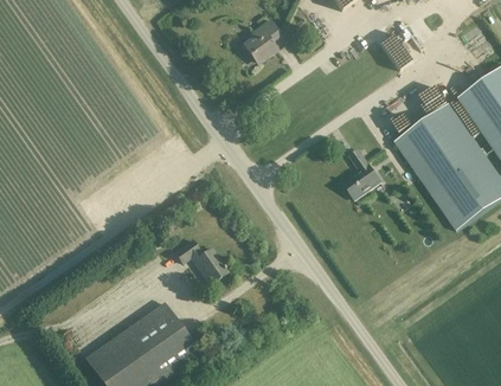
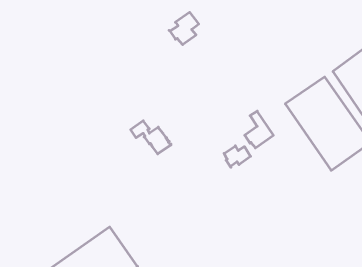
building: none -> [224,146,251,167]
building: [175,239,229,283] -> [131,121,171,154]

